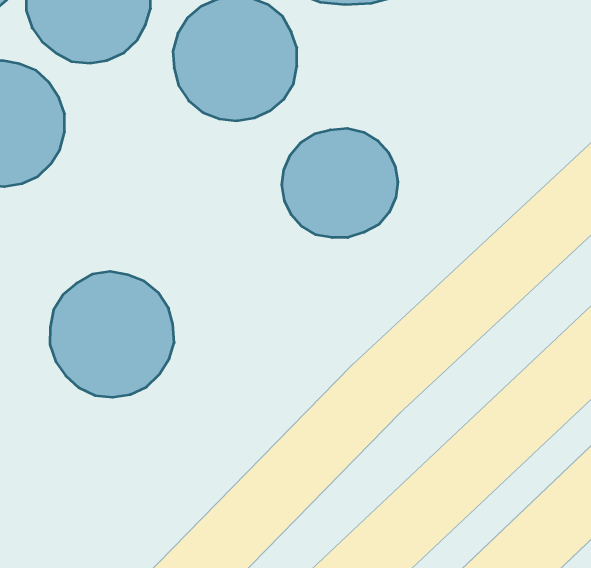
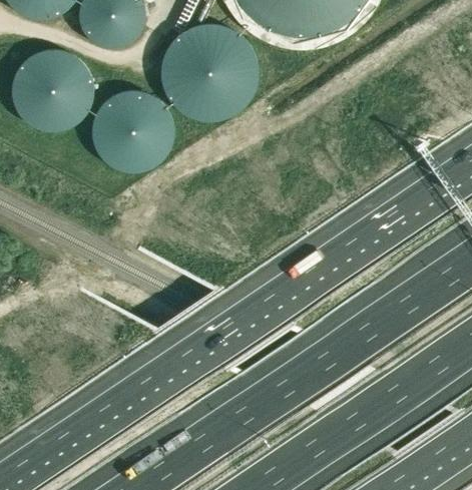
building: [282,128,398,238] -> none
building: [50,271,174,397] -> [92,85,174,167]

